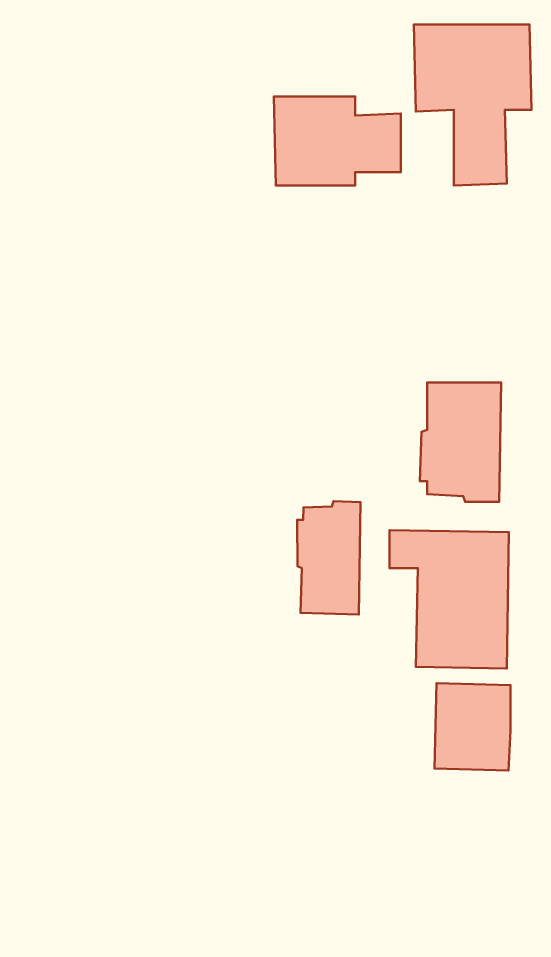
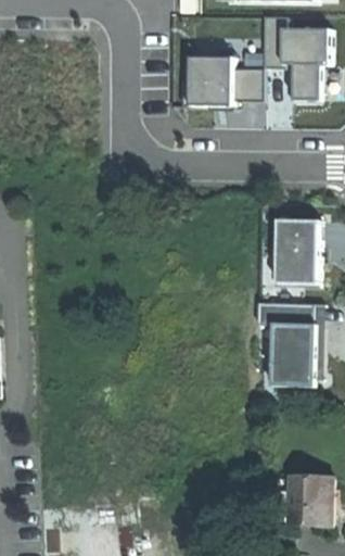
building: [297,501,361,615] -> none
building: [435,683,510,770] -> [282,478,325,528]

